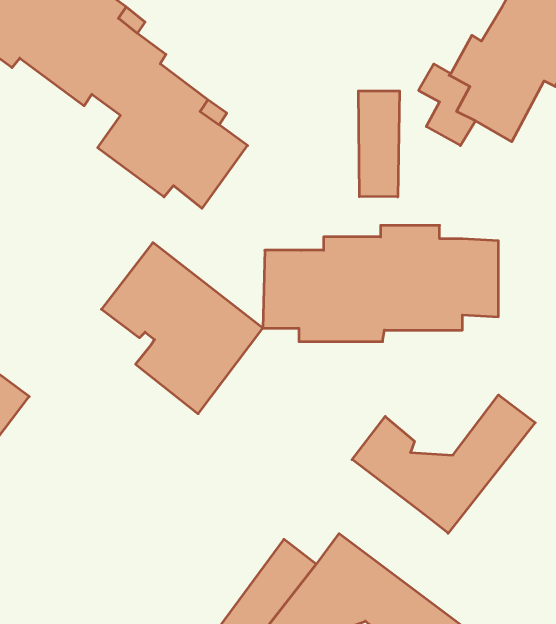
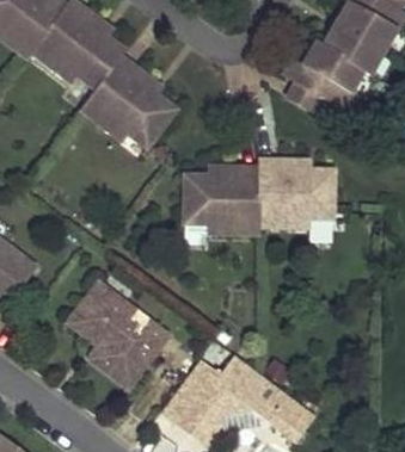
building: [358,91,400,197] -> none
building: [101,243,263,414] -> [65,279,166,386]
building: [352,395,535,533] -> none

